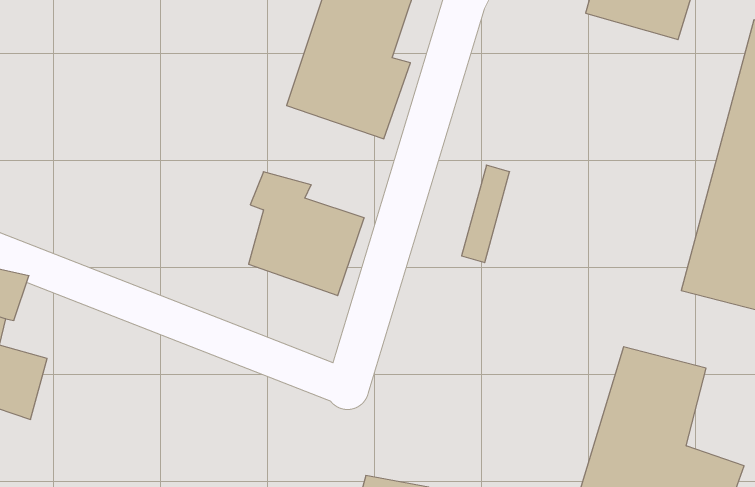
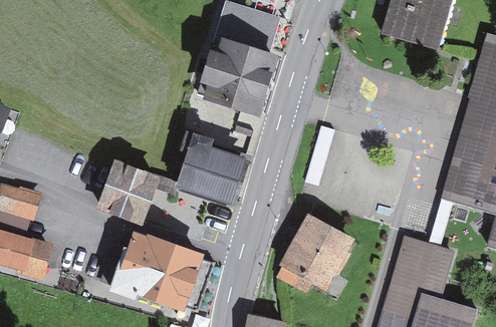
building: none -> [95,159,161,225]
building: none -> [276,214,355,293]
building: none -> [111,235,206,307]

